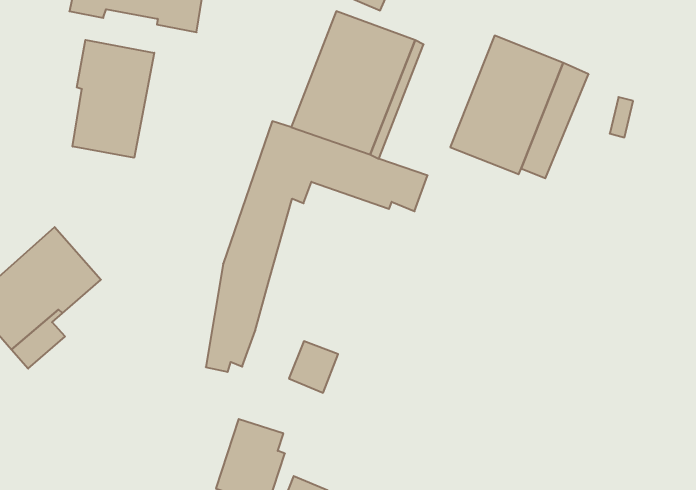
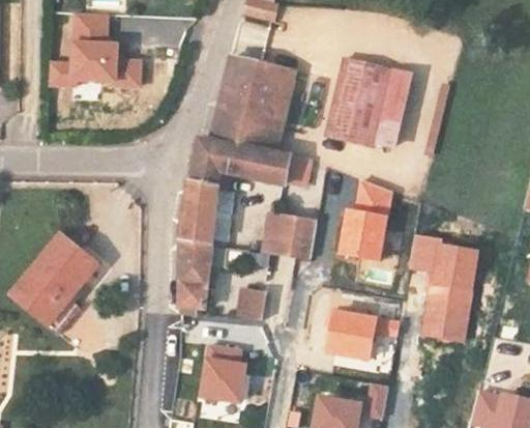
building: [73,40,154,158] -> none
building: none -> [338,181,389,259]
building: none -> [260,210,327,260]
building: none -> [410,237,475,339]
building: none -> [325,310,394,359]

